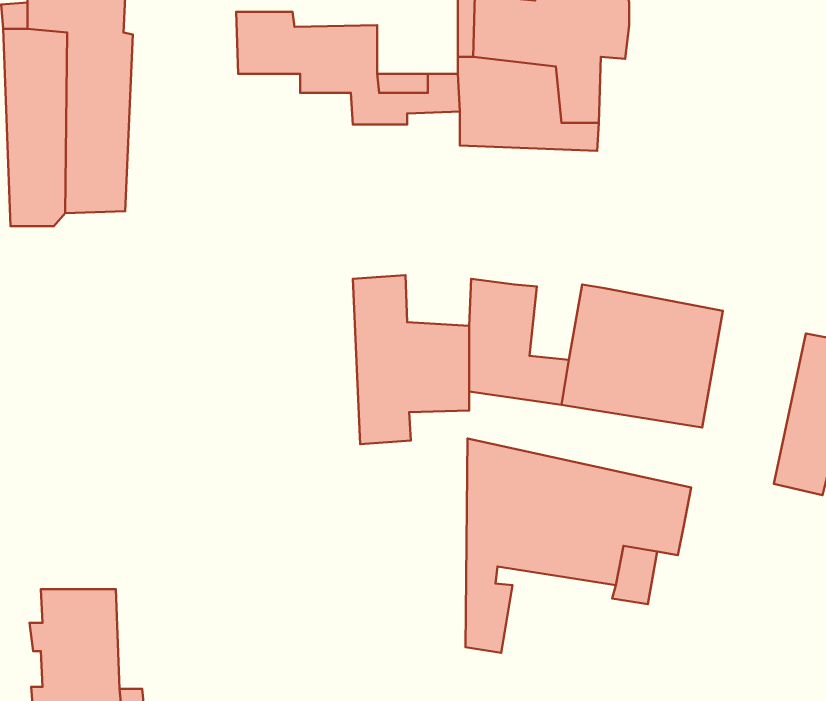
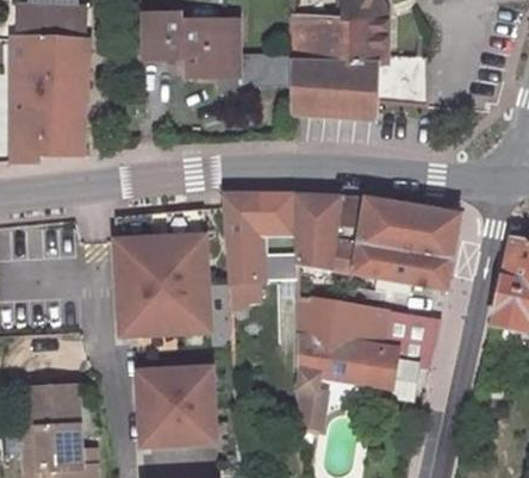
building: none -> [381,52,436,100]
building: none -> [259,191,300,223]
building: none -> [337,197,371,244]
building: none -> [117,206,211,333]
building: none -> [138,368,216,446]

